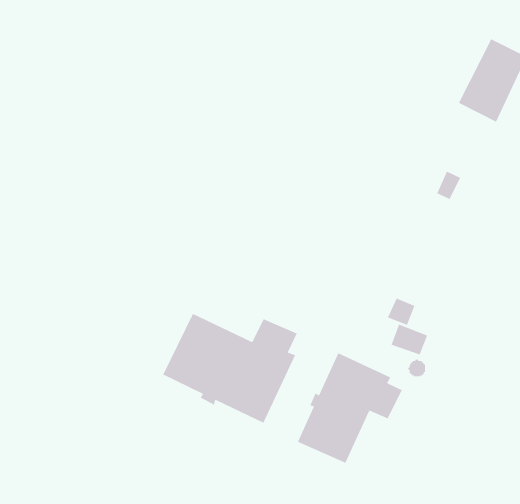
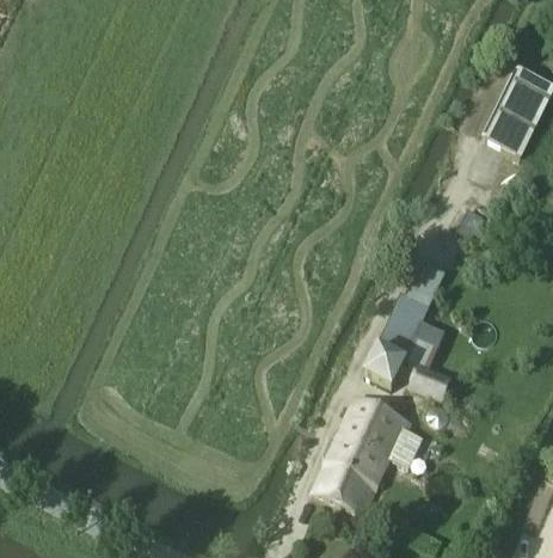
building: none -> [365,292,430,385]
building: [162,313,298,424] -> none

